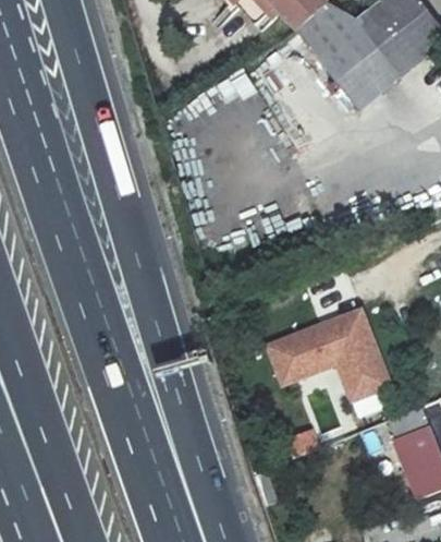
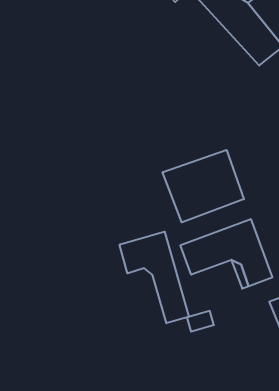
building: none -> [163,150,244,222]
building: none -> [120,232,189,323]

